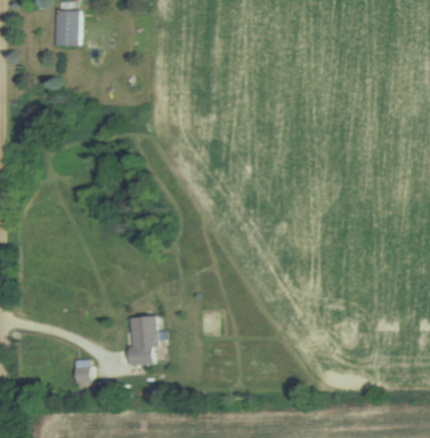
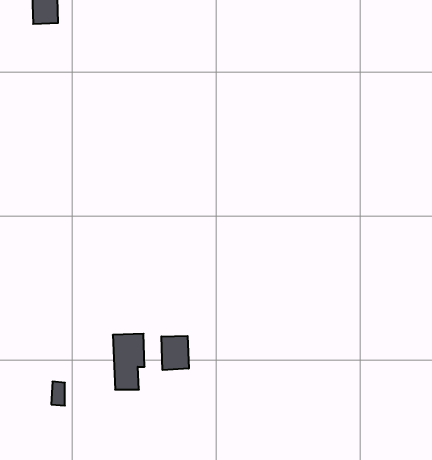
building: none -> [161,336,189,370]

